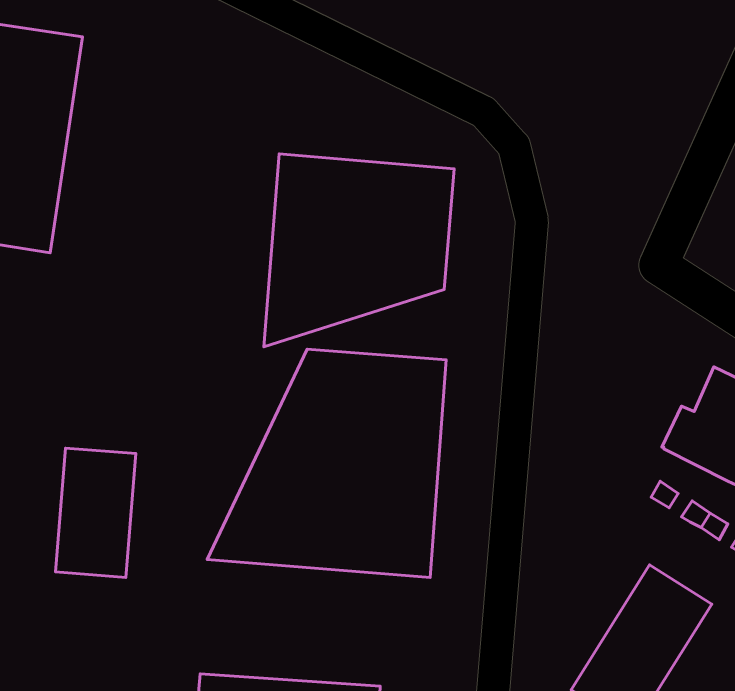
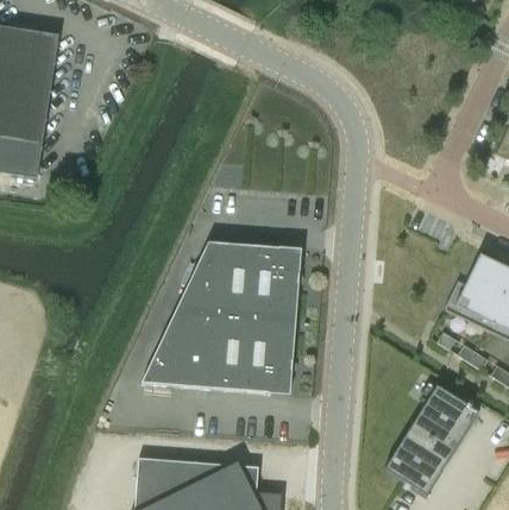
building: [264,154,454,347] -> none
building: [55,448,136,578] -> none

